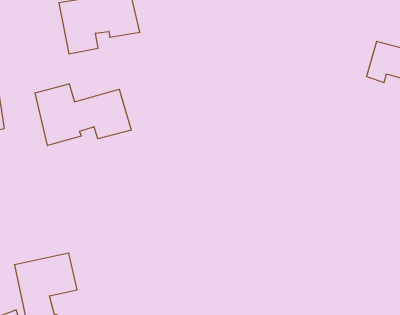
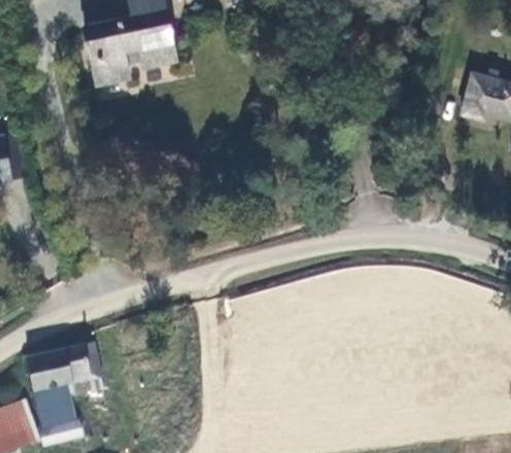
building: [35,84,131,146] -> none

